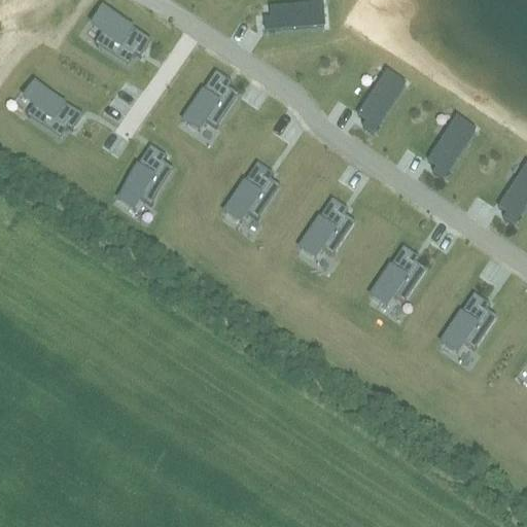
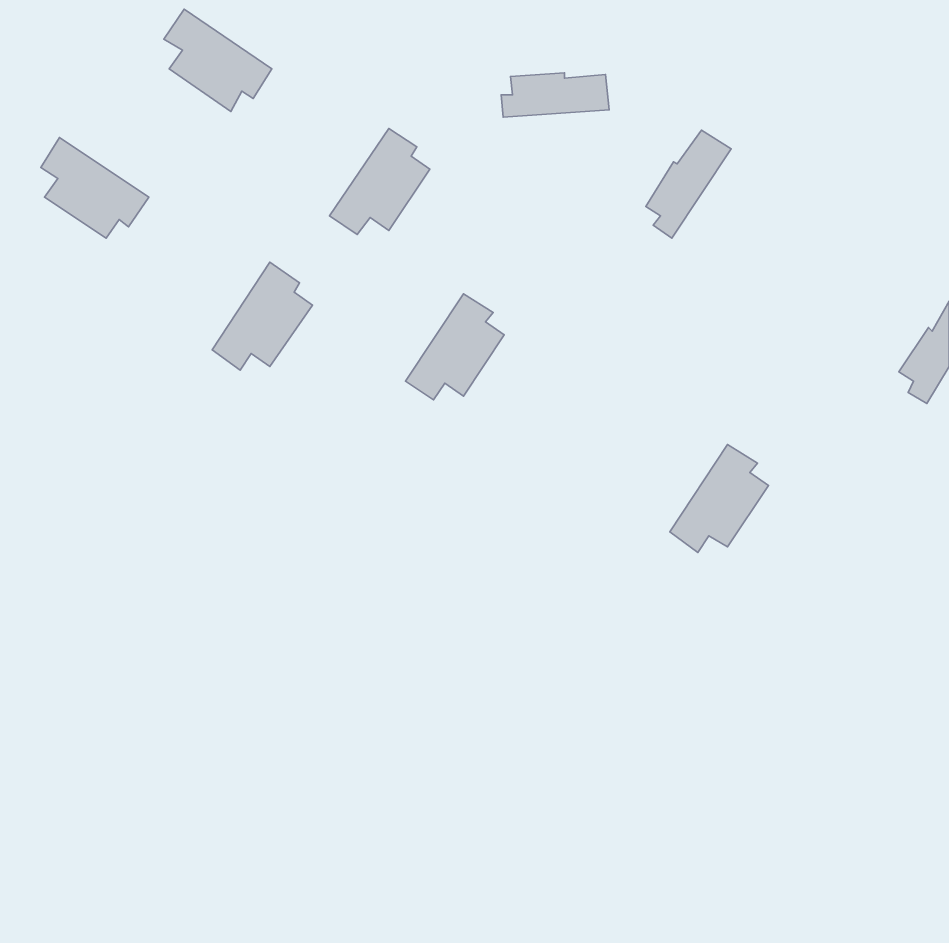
building: [264,4,323,29] -> [501,73,609,117]
building: [427,117,473,177] -> none
building: [298,199,354,257] -> none
building: [441,293,496,352] -> none

